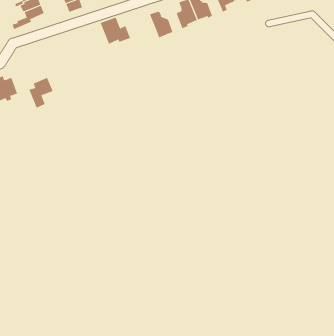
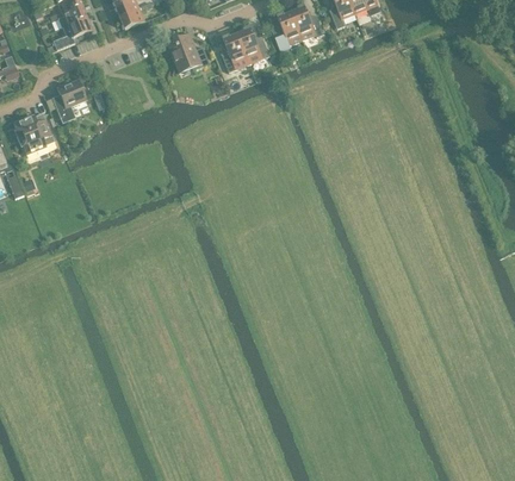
building: none -> [222,30,249,70]
building: [28,77,53,108] -> [52,79,87,121]

